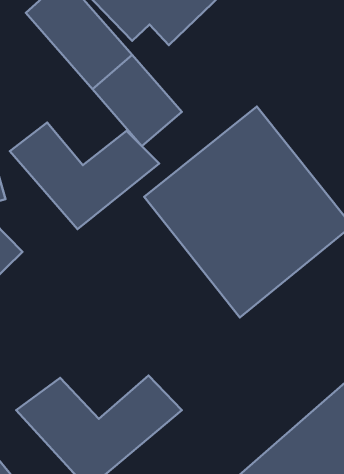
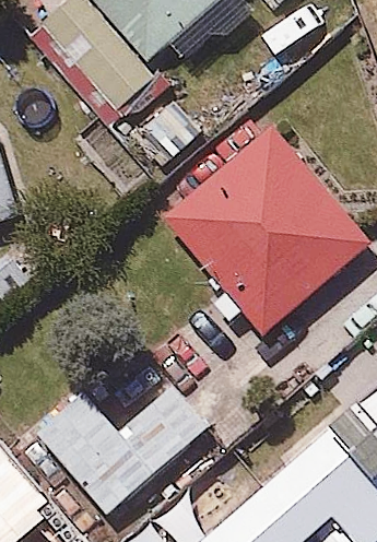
building: [10,123,159,229] -> none

